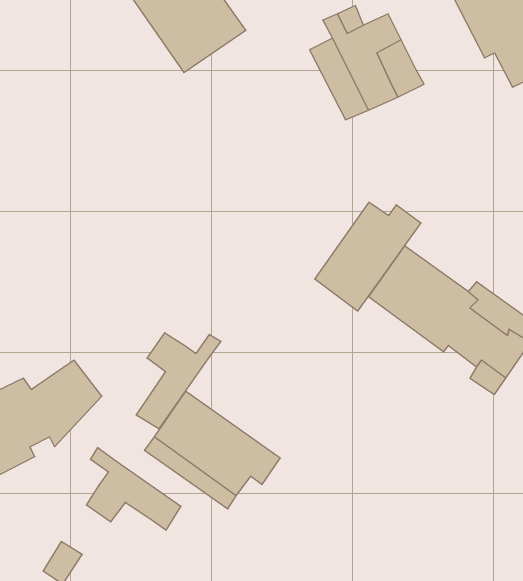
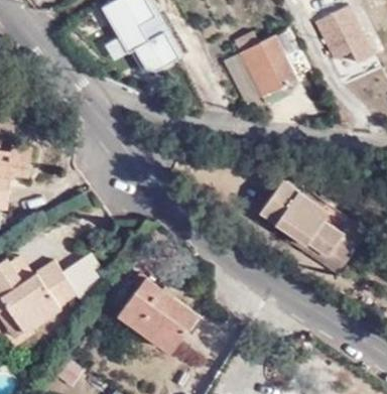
building: [315,202,421,311] -> none
building: [136,333,221,429] -> none
building: [86,447,181,530] -> none

